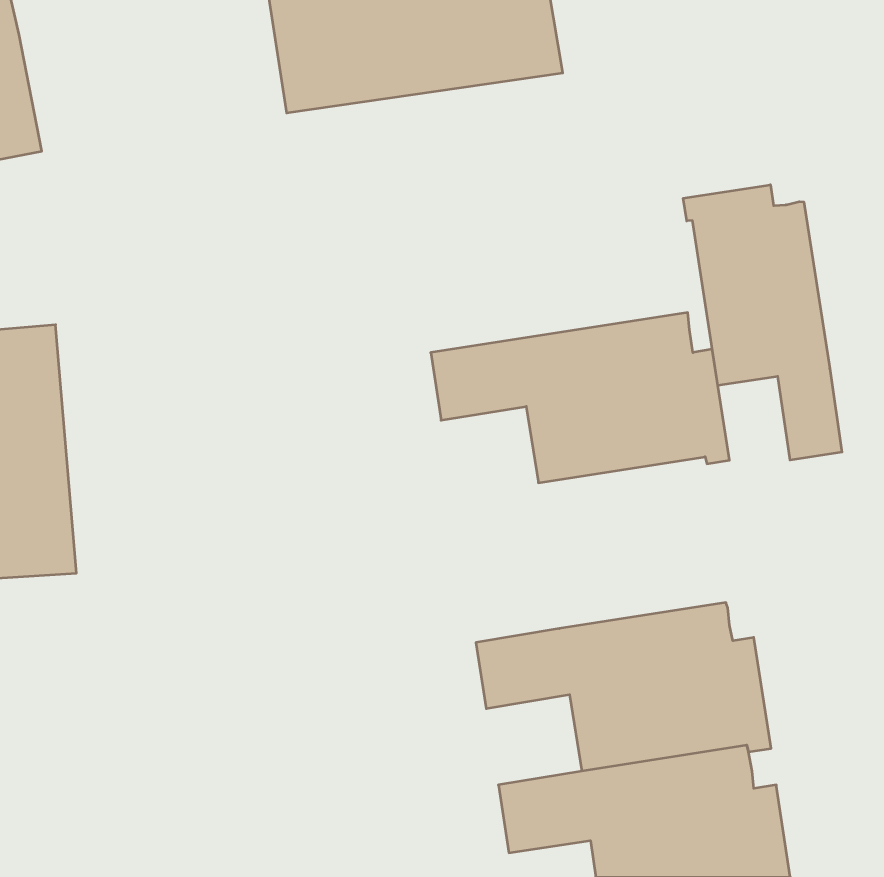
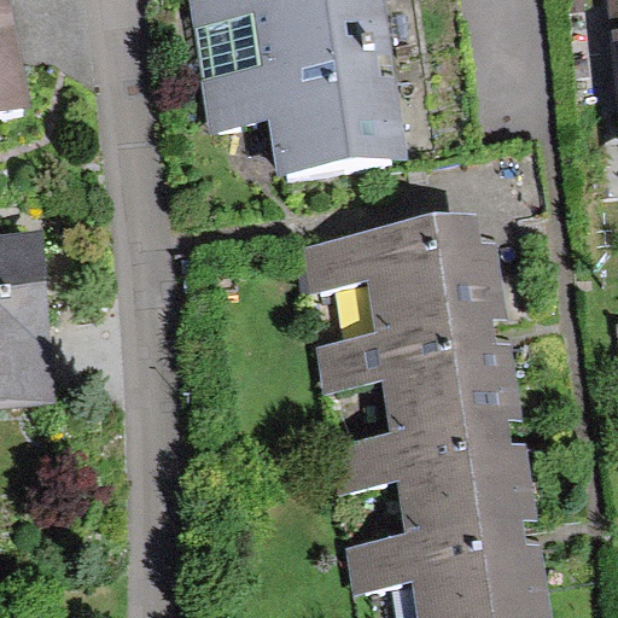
building: none -> [199,51,407,180]
building: [683,185,842,460] -> none
building: none -> [315,317,520,437]

